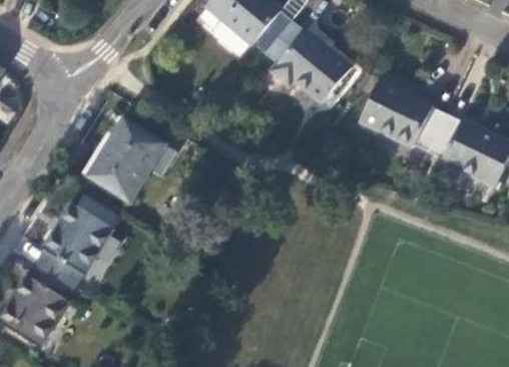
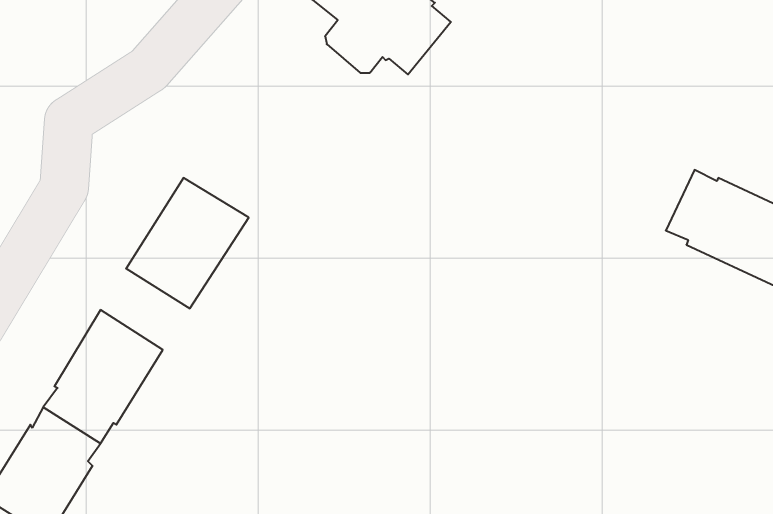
building: [267,21,352,102] -> none
building: [359,80,447,152] -> none

